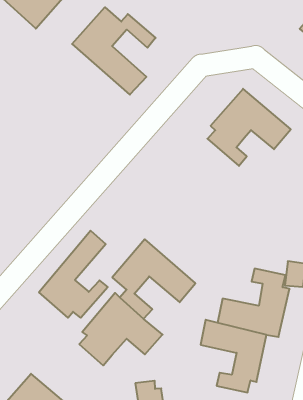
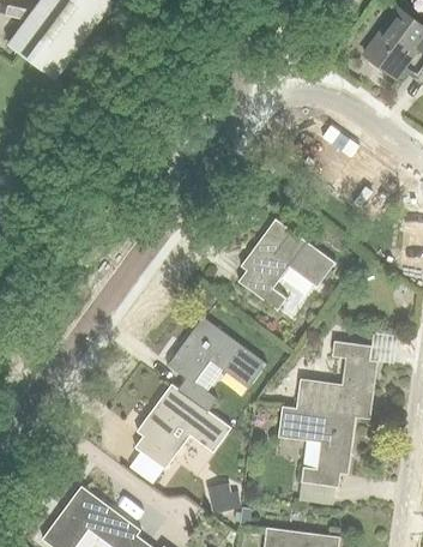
building: [72,7,156,95] -> none
building: [207,89,291,166] -> [237,218,334,309]
building: [39,231,108,318] -> none

